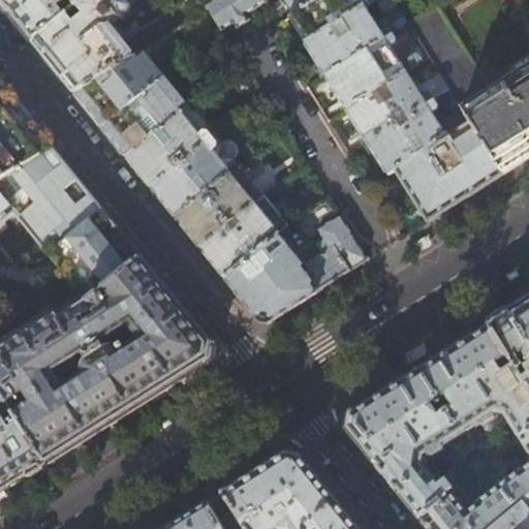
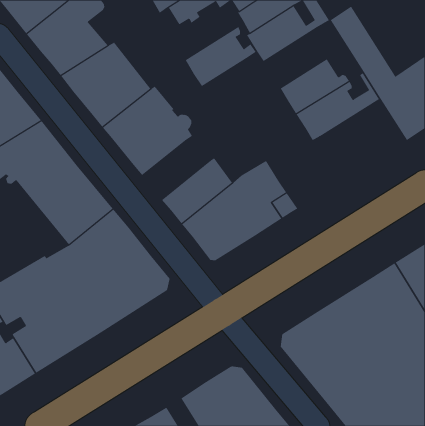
building: [325,34,414,110] -> [185,26,257,87]
building: [396,123,503,222] -> none
building: [176,175,260,248] -> none

